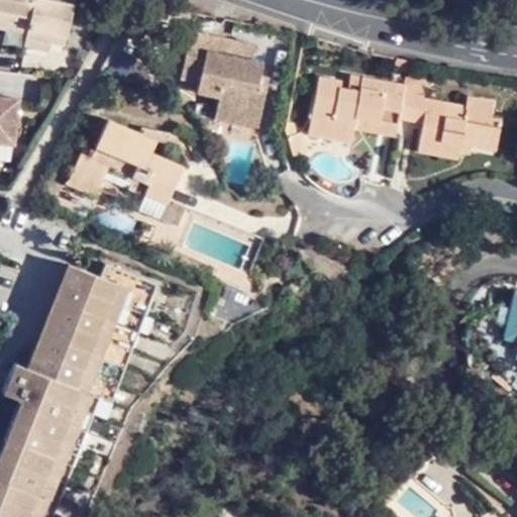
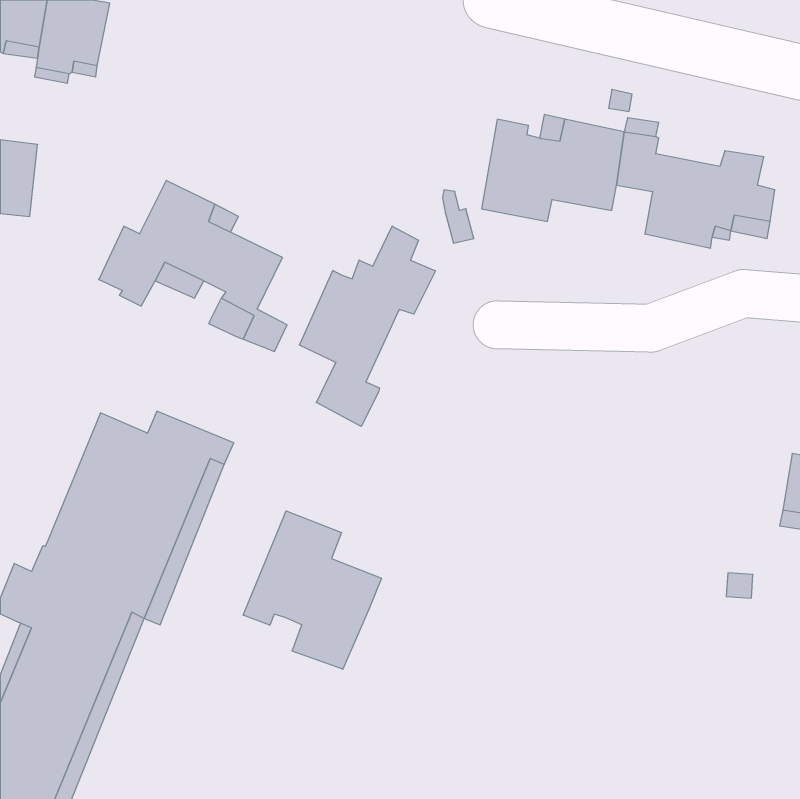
building: [185,33,266,128] -> none
building: none -> [299,226,435,426]
building: none -> [243,511,381,669]

